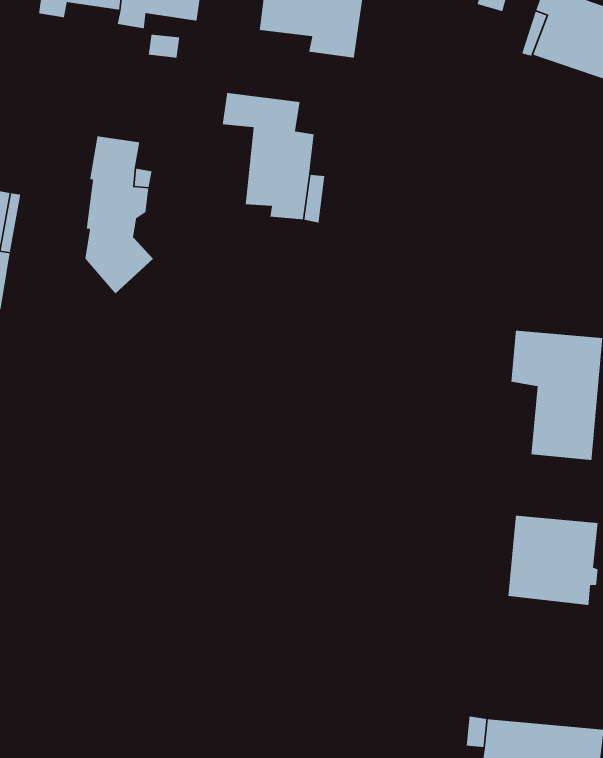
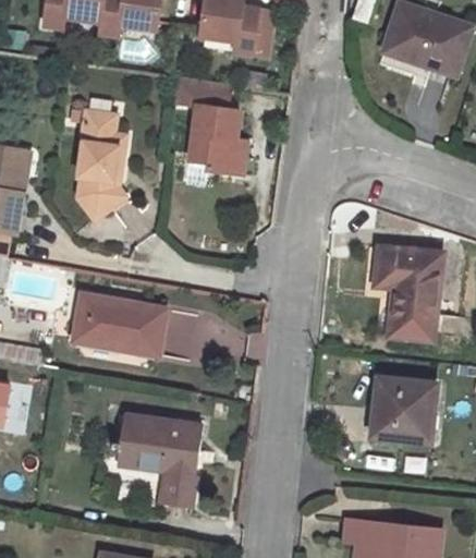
building: none -> [76,294,168,354]
building: none -> [117,414,202,507]

